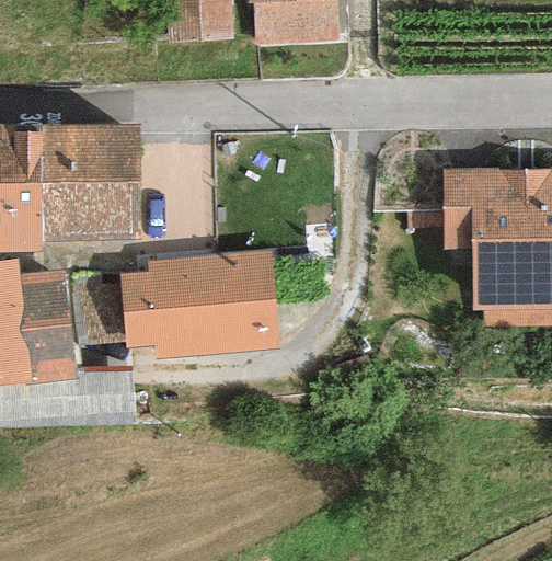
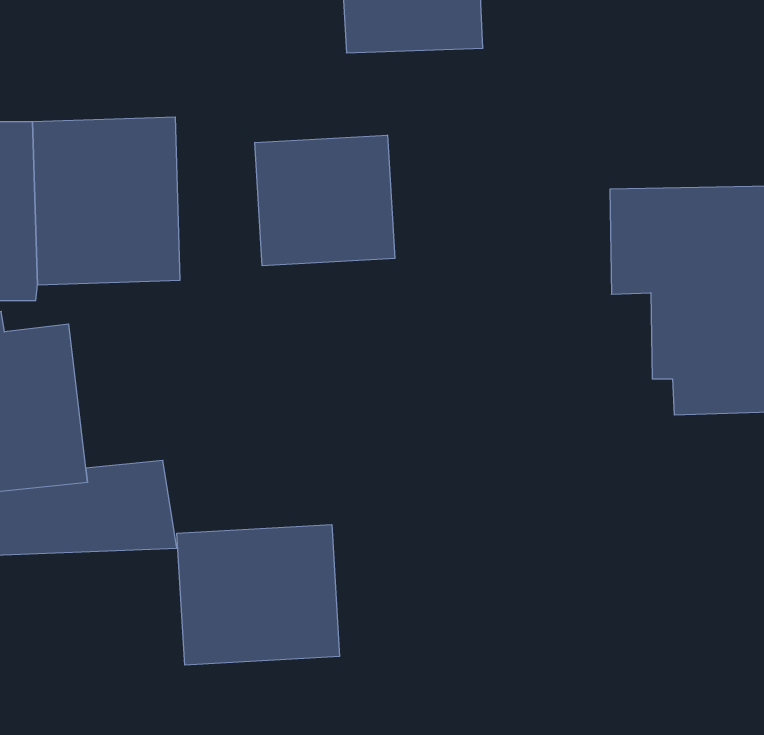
building: none -> [255,135,395,266]
building: [118,251,277,358] -> none
building: none -> [177,525,340,665]

